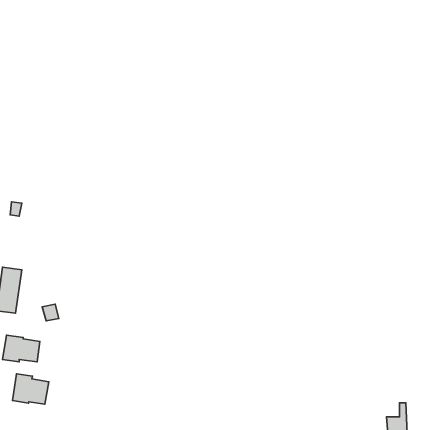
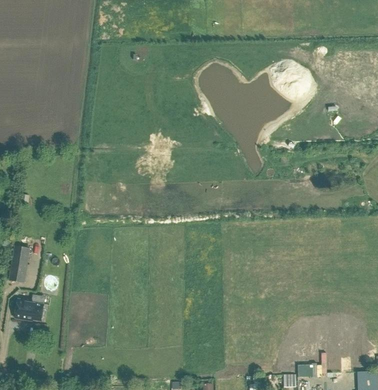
building: [13,374,49,404] -> none

